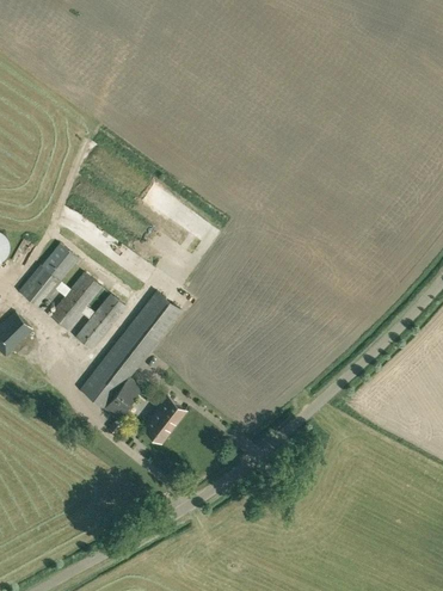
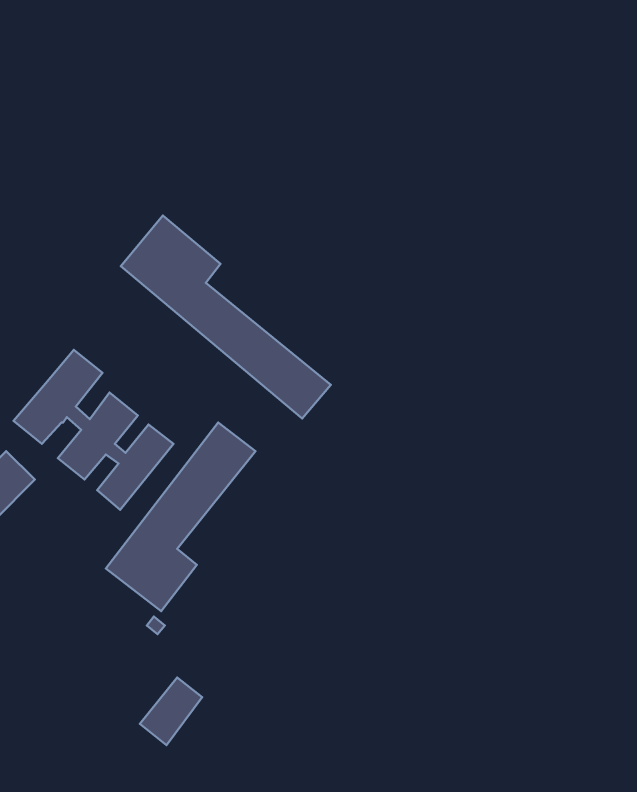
building: none -> [121,216,331,419]
building: [143,398,185,443] -> [140,677,202,745]

